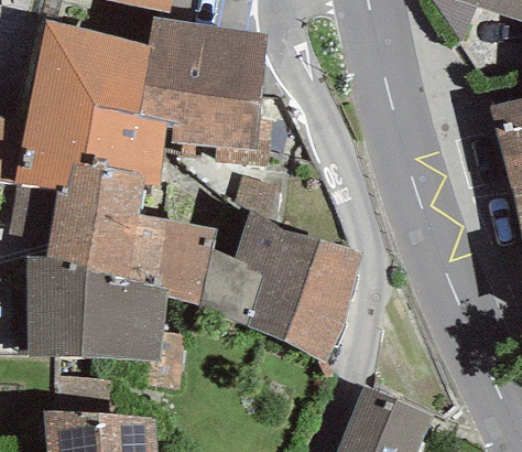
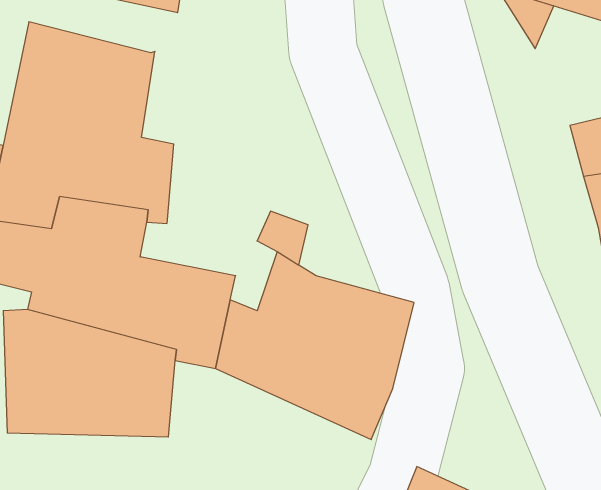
building: [139,15,272,164] -> none

